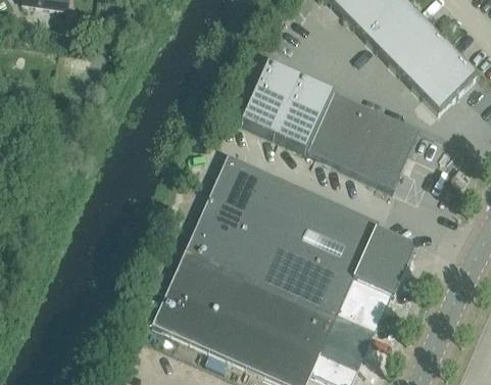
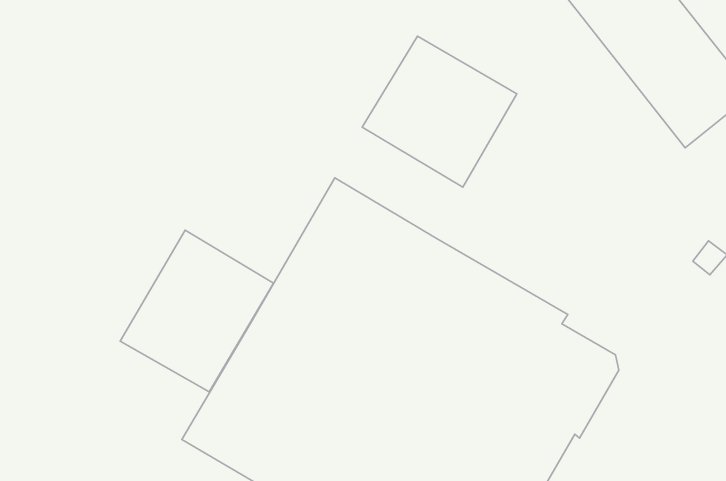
building: [307,93,420,190] -> none
building: none -> [120,230,274,392]

